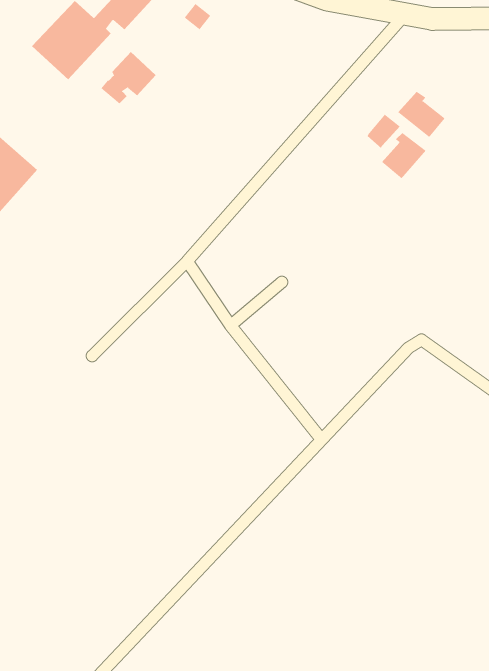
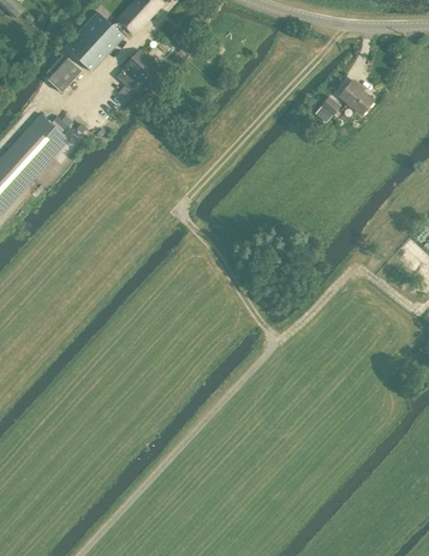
building: none -> [47,58,82,94]
building: [381,132,427,179] -> none

